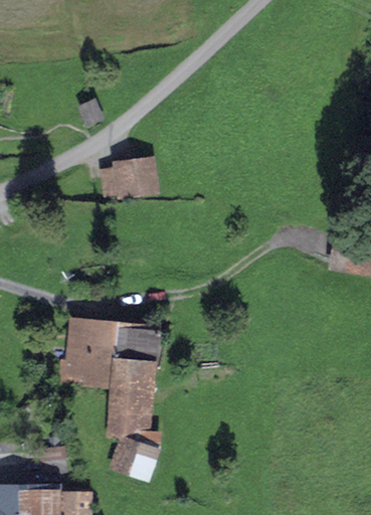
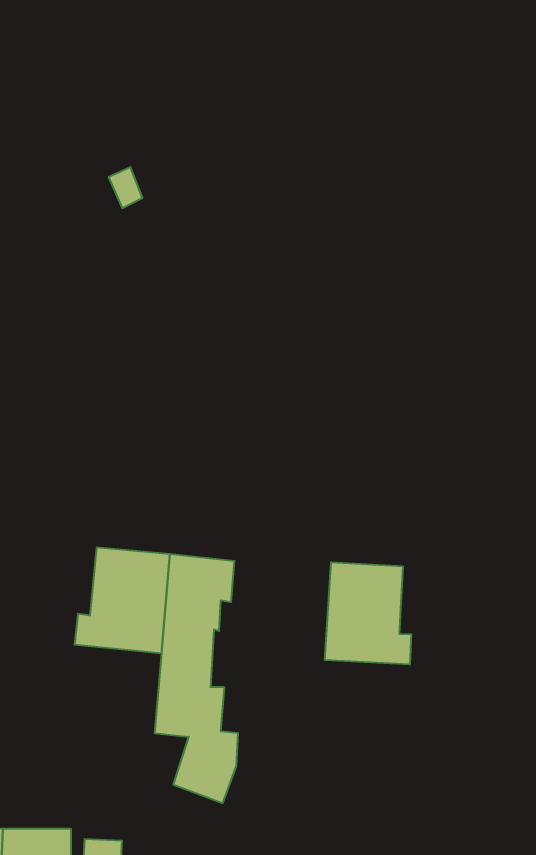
building: [104,162,154,195] -> none
building: none -> [325,562,411,665]

